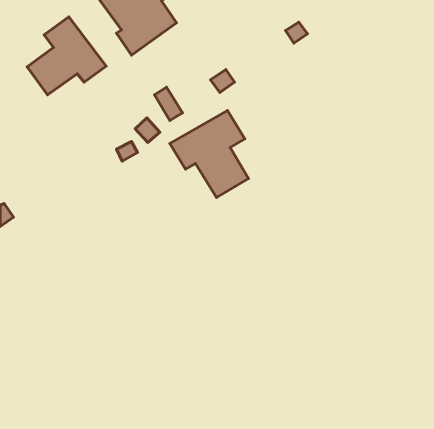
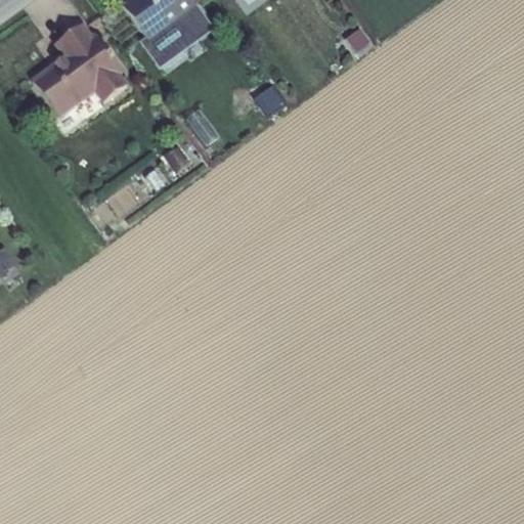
building: [170,110,248,198] -> none

